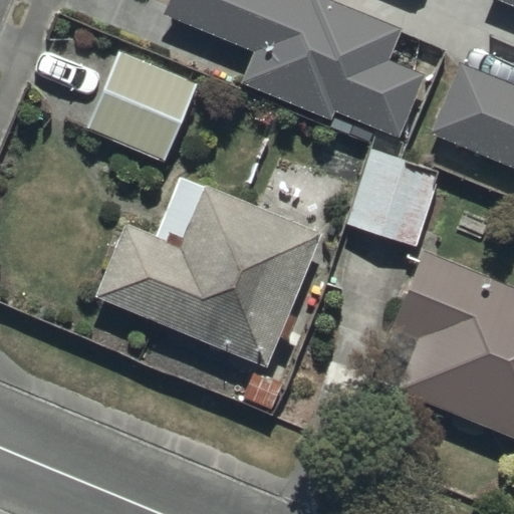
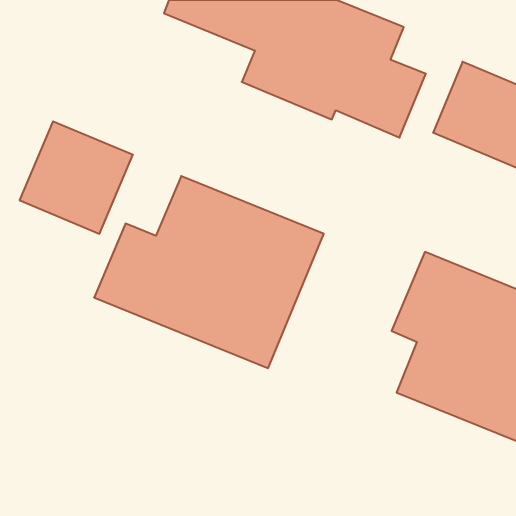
building: [85,49,198,161] -> [20,121,133,234]
building: [346,149,440,247] -> none

